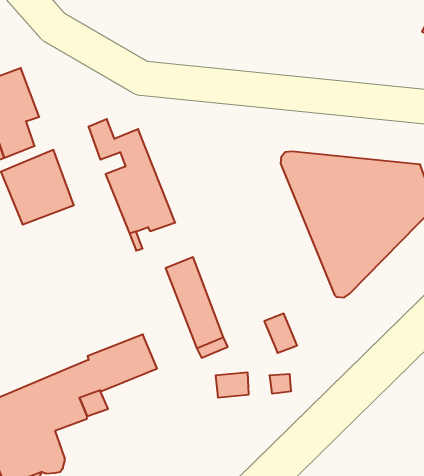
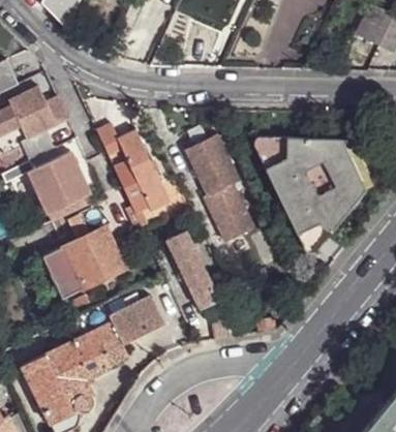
building: none -> [182,134,251,242]
building: none -> [42,226,124,297]

